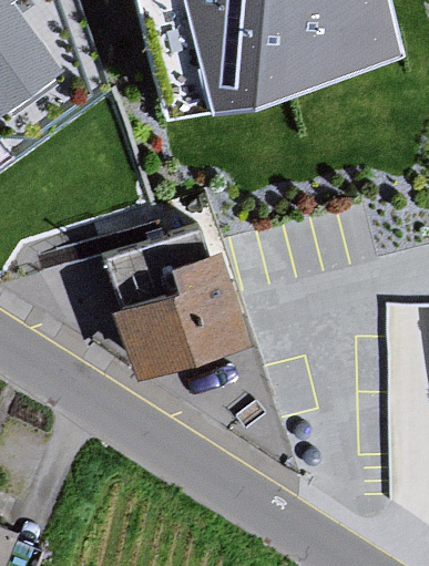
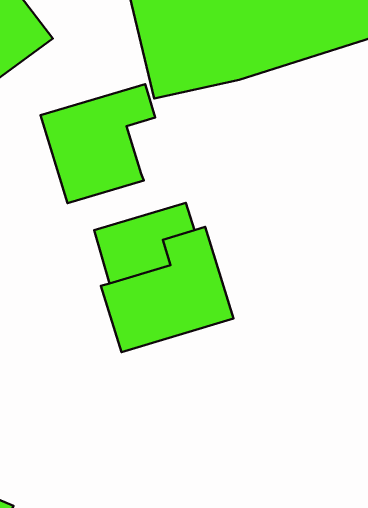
building: none -> [40,84,155,203]

